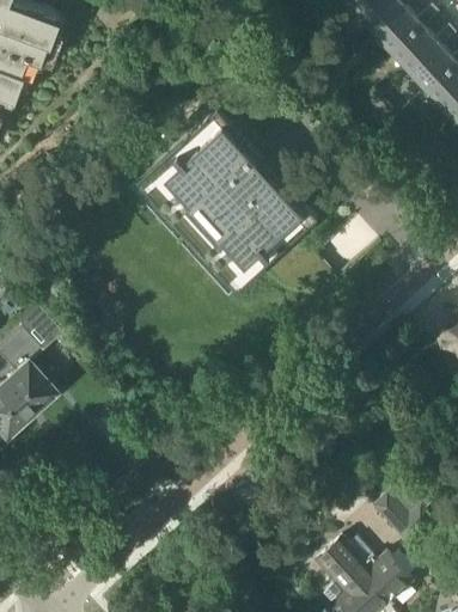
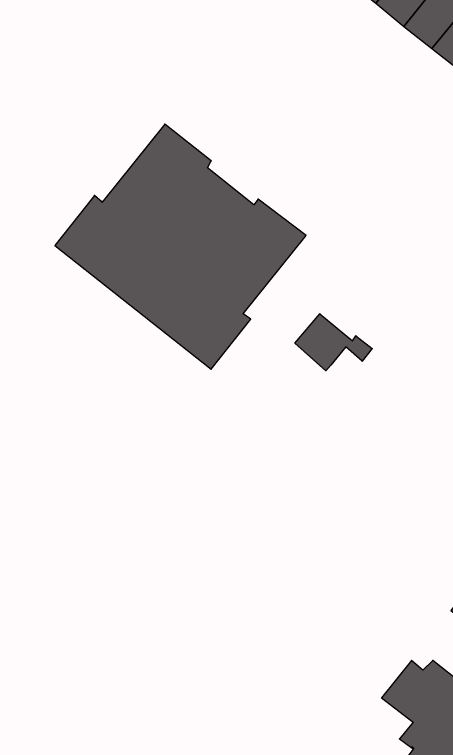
building: none -> [295,314,372,371]

